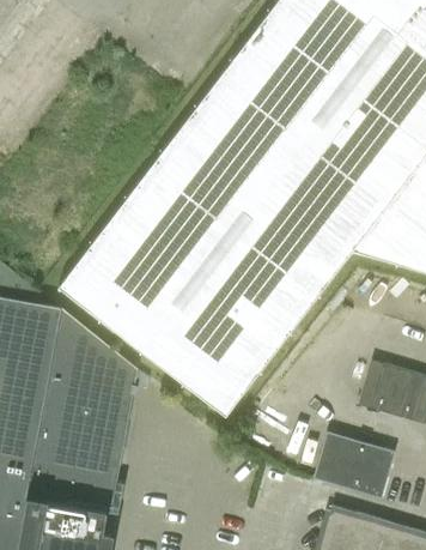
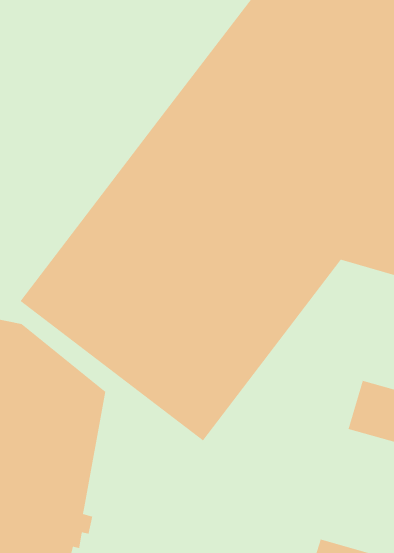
building: [312,431,394,497] -> none

